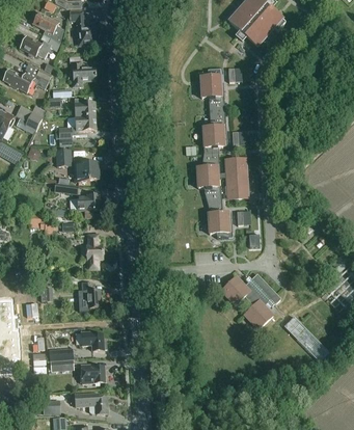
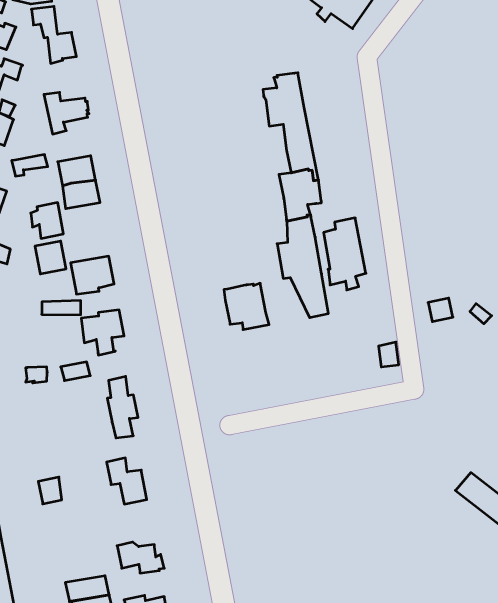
building: [208,212,232,238] -> [224,283,269,330]
building: [220,274,279,329] -> none

